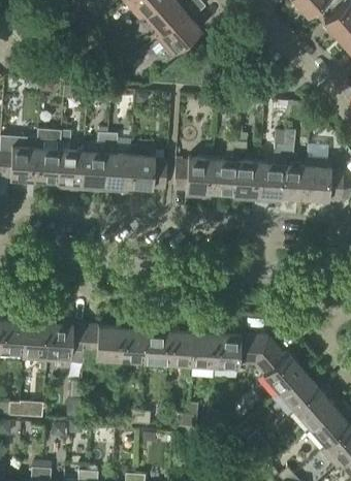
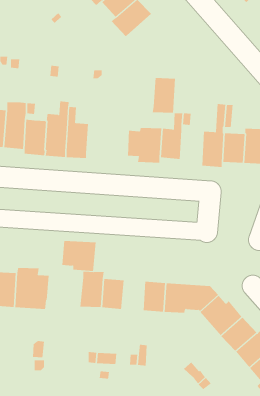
building: [129,148,168,189] -> none
building: [233,161,260,201] -> [152,78,176,113]
building: [85,325,124,360] -> [62,240,96,272]
building: [168,330,194,364] -> none

